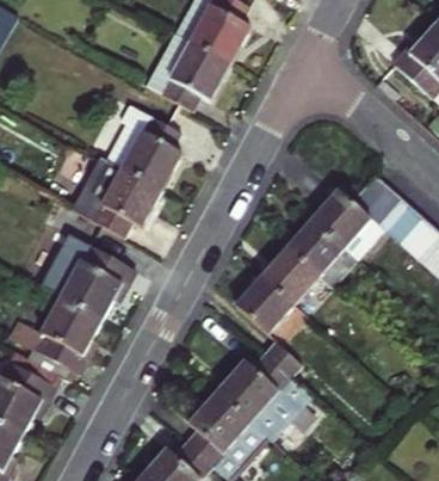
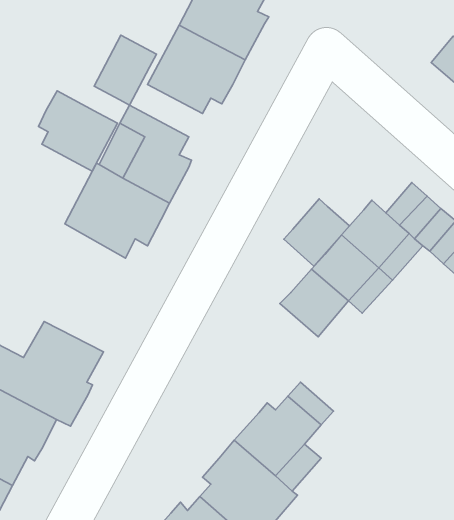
building: none -> [94,35,156,105]
building: none -> [38,91,117,171]
building: none -> [284,199,349,266]
building: [35,232,135,317] -> none
building: [234,276,291,332] -> none

